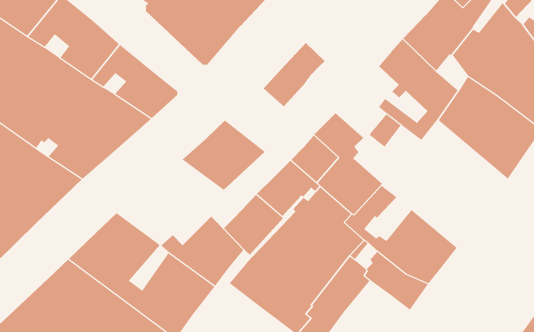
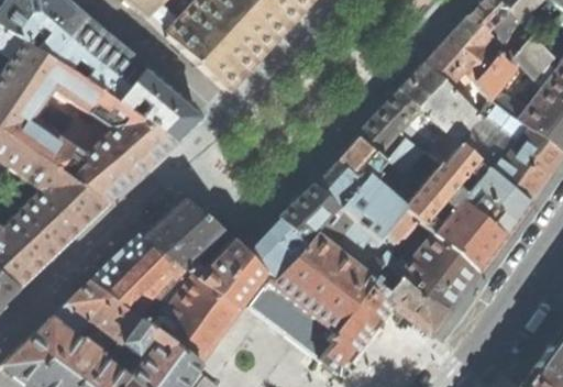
building: [263,42,326,107] -> [360,90,422,155]
building: [182,120,266,190] -> [141,197,224,267]
building: none -> [406,144,532,272]

